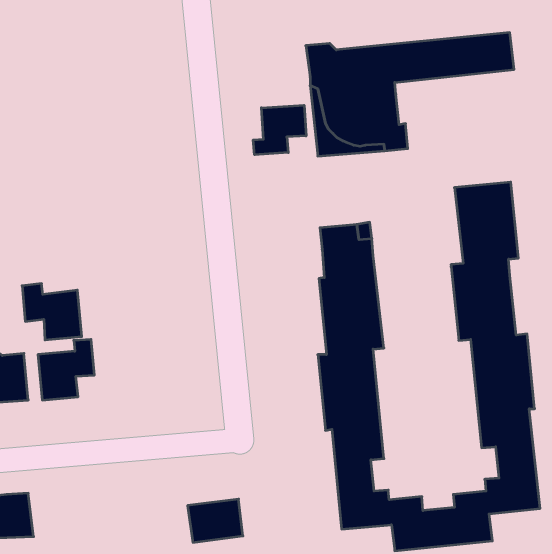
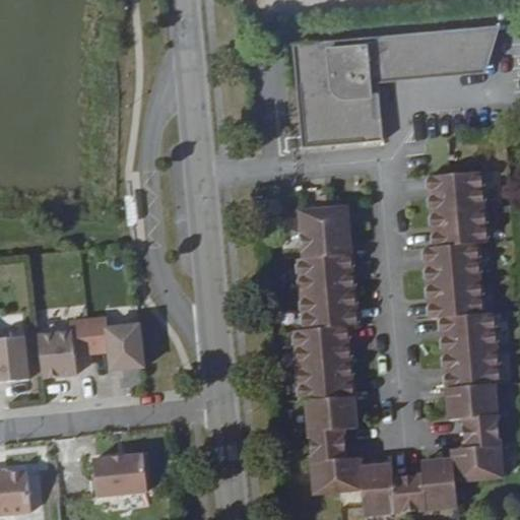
building: [253,105,306,155] -> none
building: [22,284,82,340] -> [85,316,141,369]
building: [188,499,243,542] -> [95,449,147,490]

